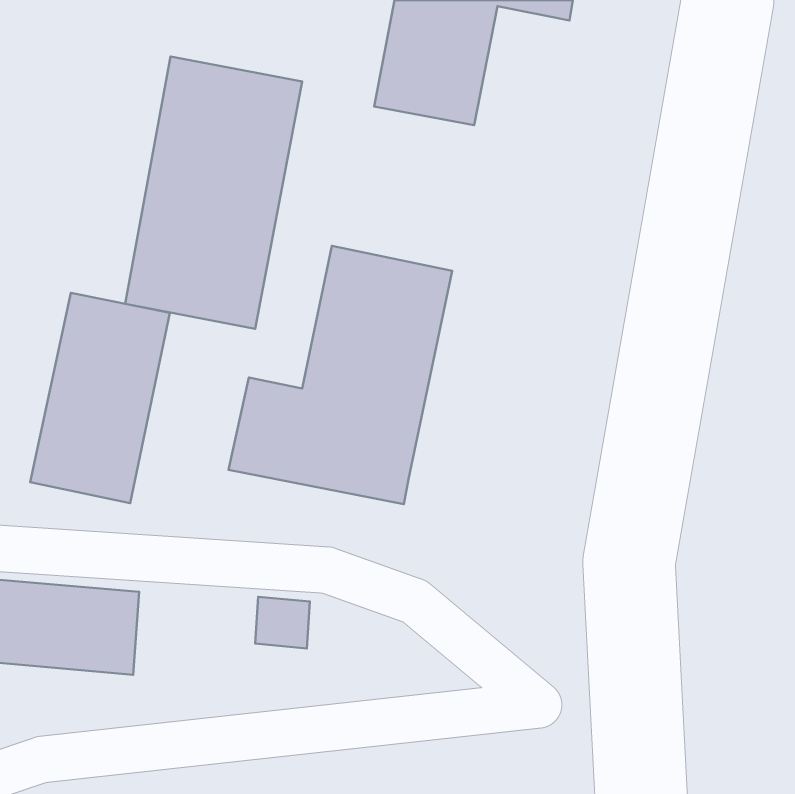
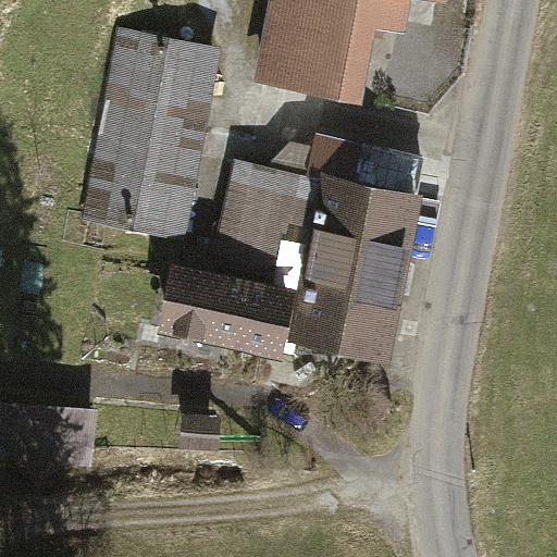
building: none -> [284,140,422,358]
building: [30,293,170,503] -> none

